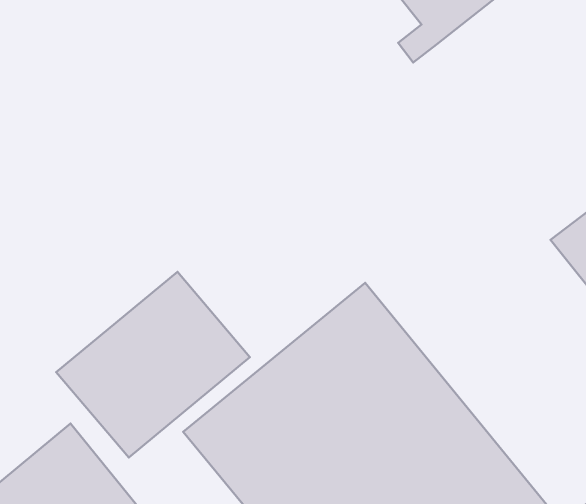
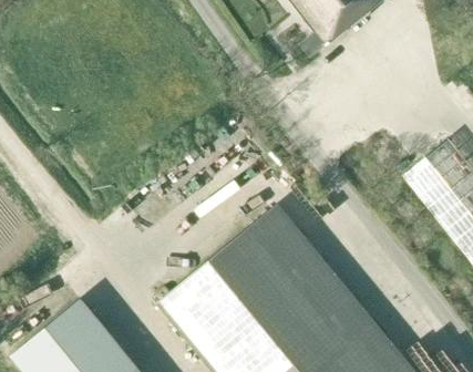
building: [56,272,250,457] -> none

